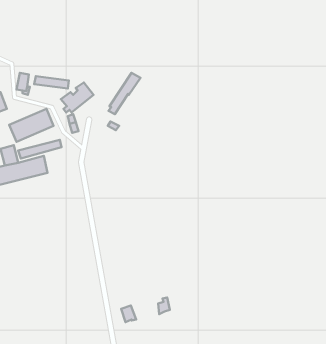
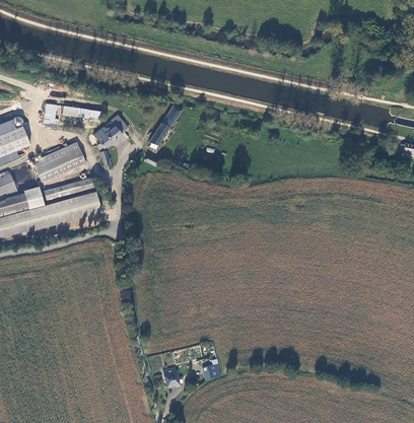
building: none -> [72,191,98,215]

